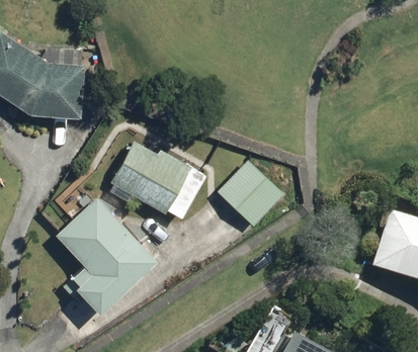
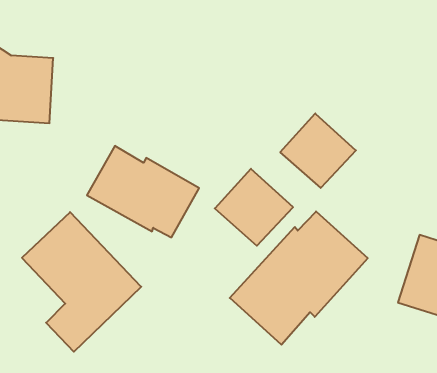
building: none -> [280,113,356,188]
building: none -> [230,211,368,345]

